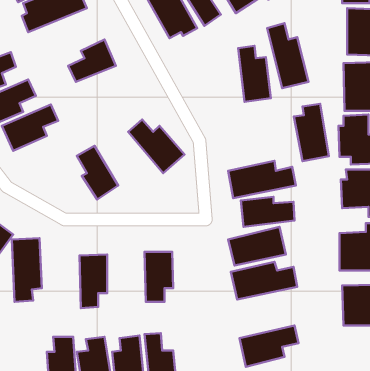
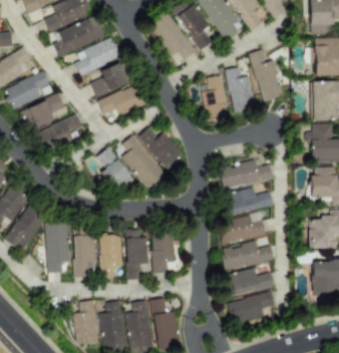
building: none -> [73,37,120,75]
building: none -> [97,84,145,118]
building: [294,104,329,161] -> [201,75,229,121]
building: none -> [121,134,165,189]
building: none -> [125,230,148,280]
building: none -> [73,236,95,278]
building: none -> [223,268,274,298]

